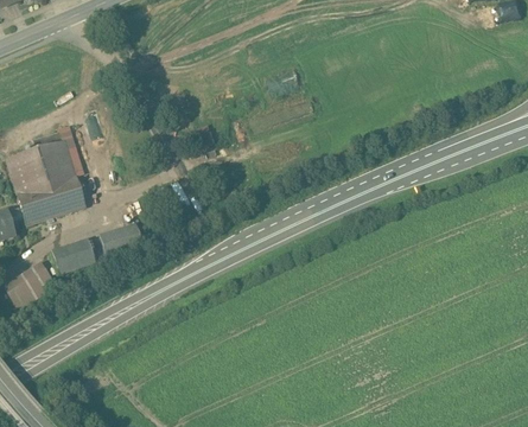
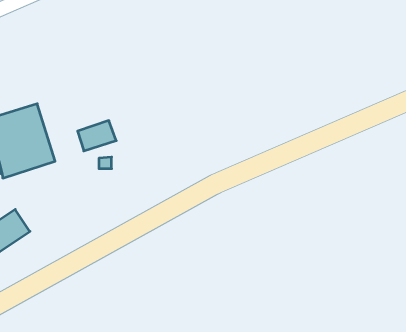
building: [100,223,144,257] -> [78,121,116,151]
building: [52,238,96,273] -> none

